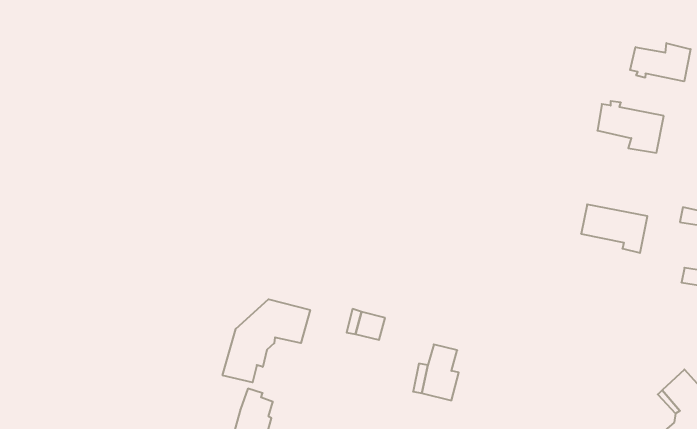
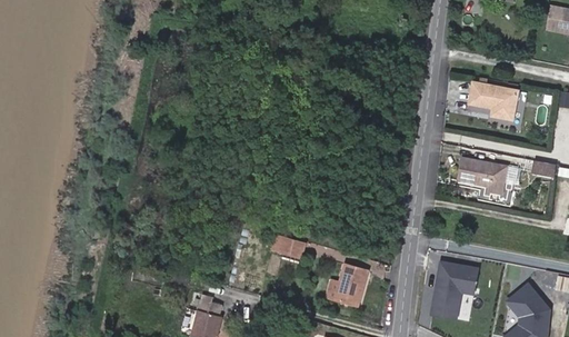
building: [630,43,691,81] -> none
building: [223,299,310,382] -> none
building: none -> [430,261,475,316]

